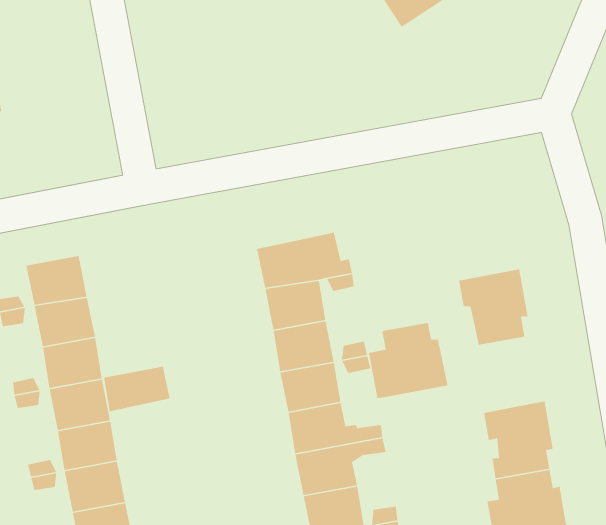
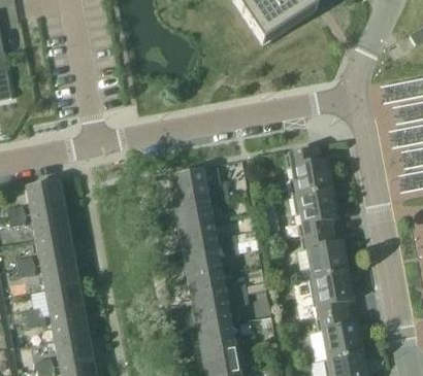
building: none -> [286,148,332,197]
building: [368,322,448,399] -> [298,232,348,279]
building: [103,366,171,412] -> none

